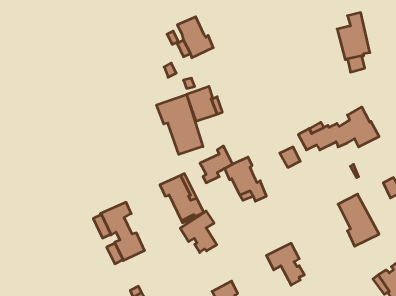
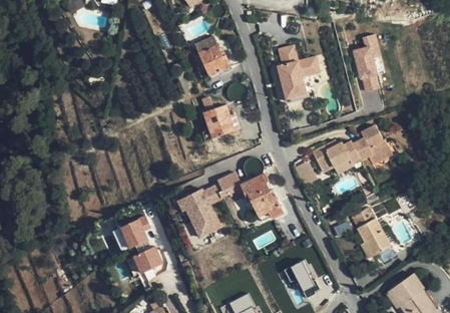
building: none -> [278,44,321,98]
building: [157,95,203,154] -> none
building: [180,211,217,253] -> none

